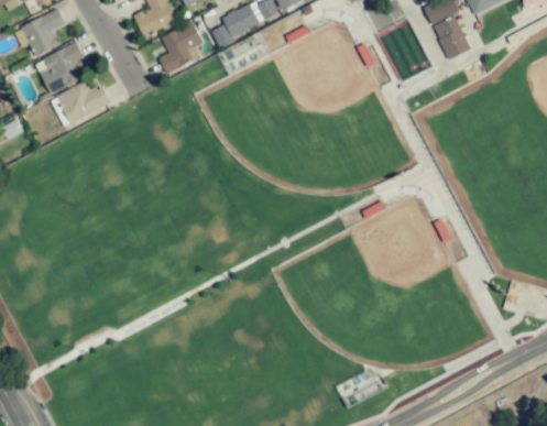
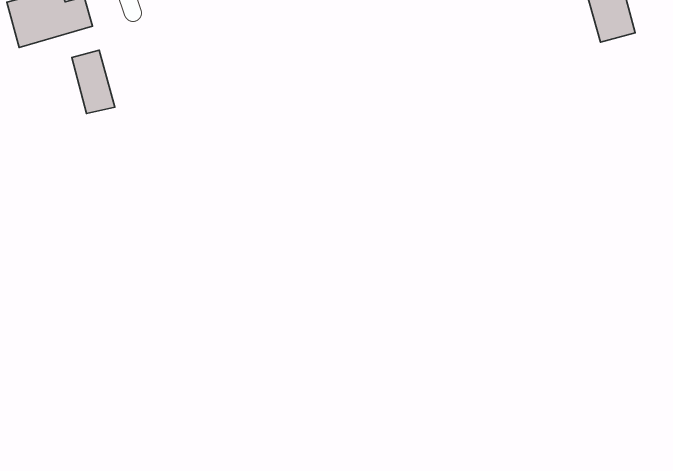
building: none -> [72,50,115,113]

